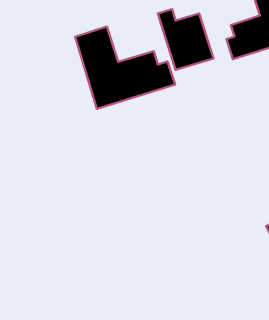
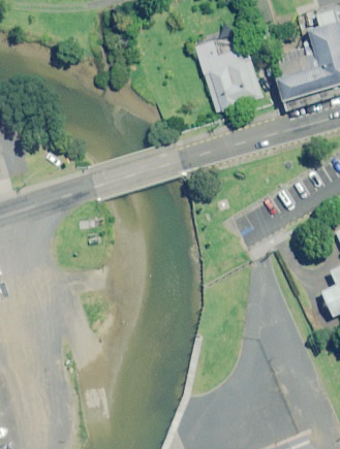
building: [75,27,175,109] -> none

